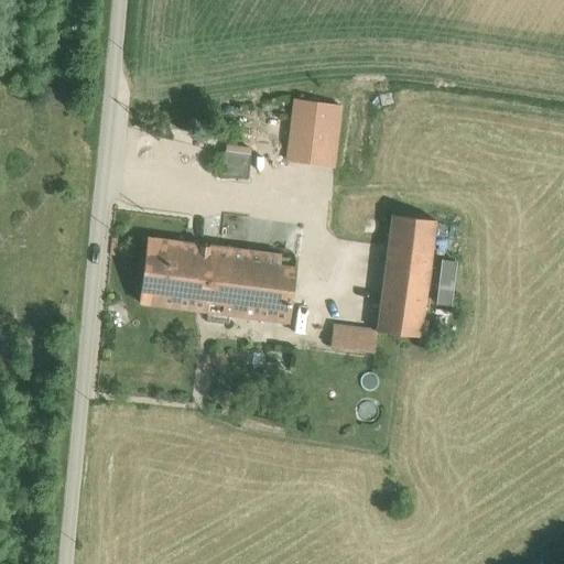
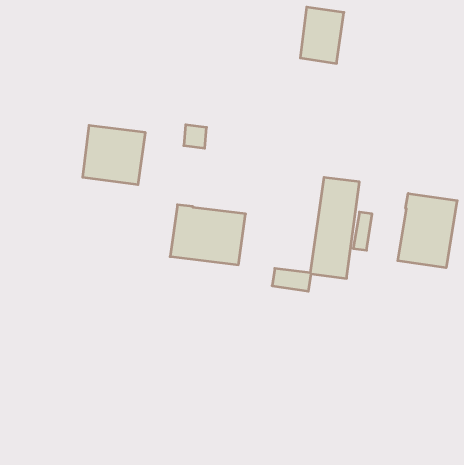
building: [289,99,341,167] -> [300,7,344,63]
building: none -> [398,193,457,268]
building: [140,239,216,311] -> [83,125,145,185]

